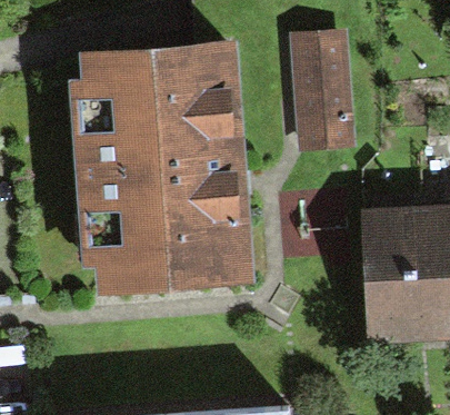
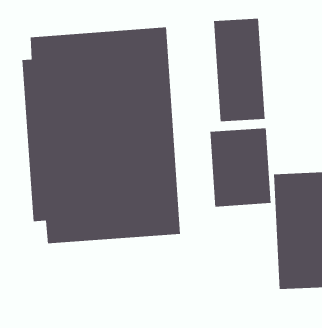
building: none -> [210,127,271,207]

